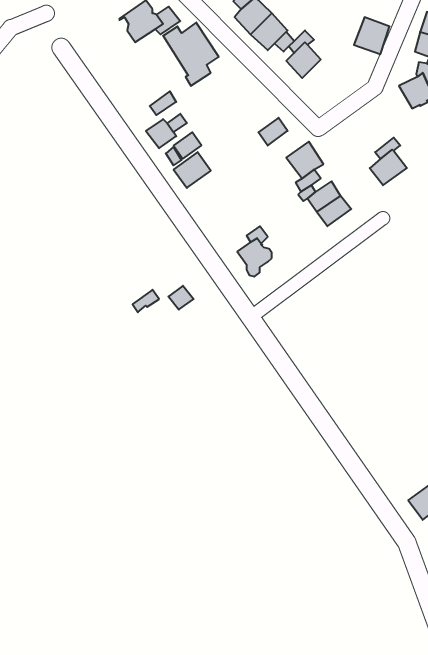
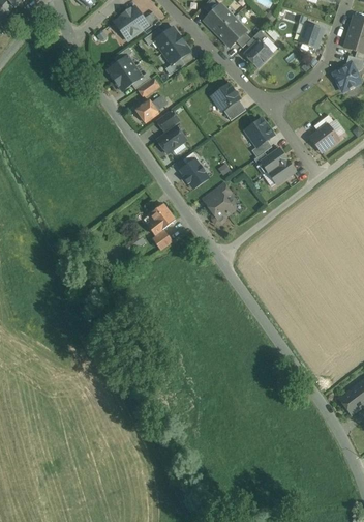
building: none -> [103,50,149,93]
building: none -> [211,83,239,110]
building: none -> [179,153,210,190]
building: none -> [147,203,175,234]

